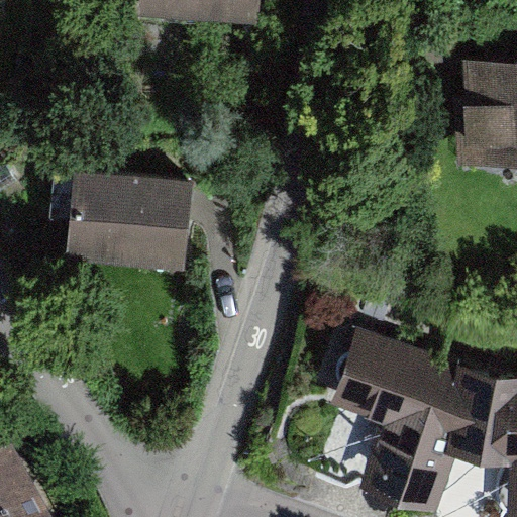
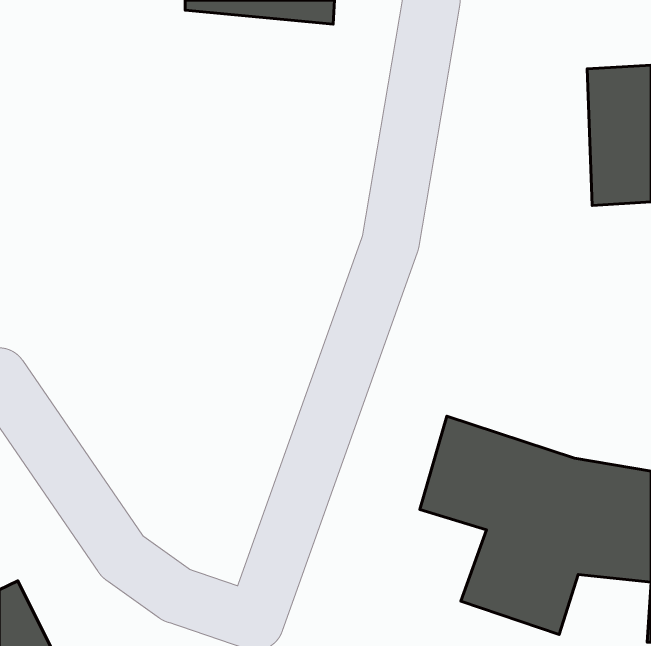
building: [74,176,191,258] -> none

